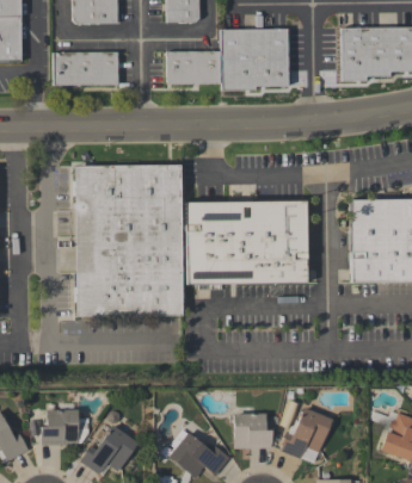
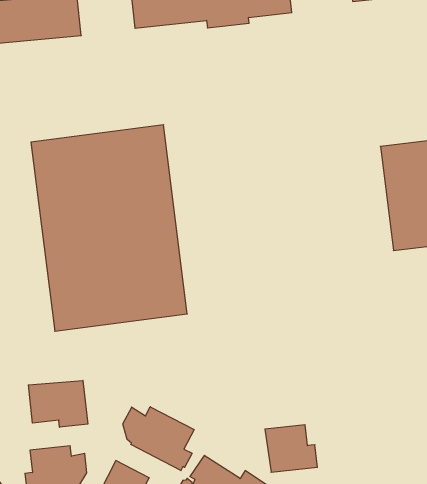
building: [184,200,306,284] -> none
building: none -> [28,380,88,427]
building: none -> [123,407,194,471]
building: [279,407,332,458] -> none

